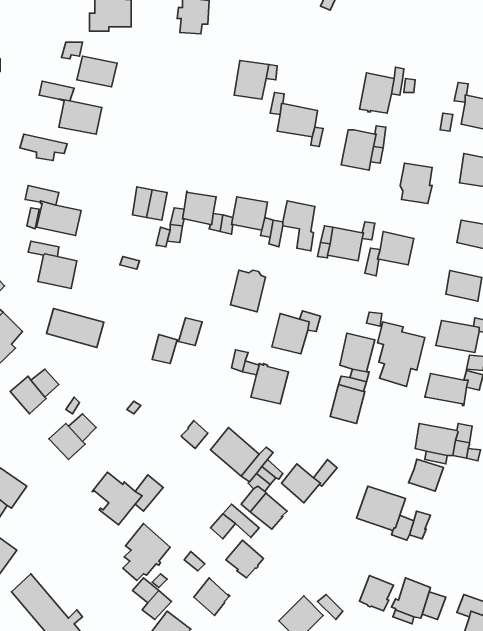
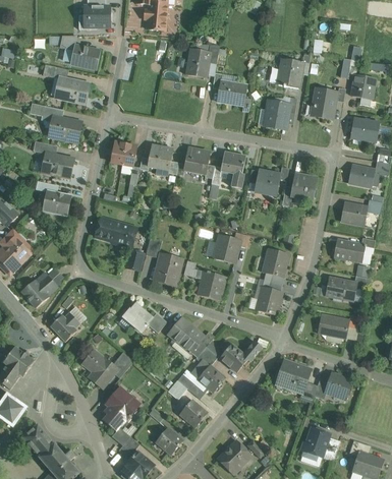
building: none -> [50,116,80,142]
building: [400,163,432,204] -> [312,88,335,118]
building: [231,270,265,312] -> [155,254,180,285]
building: [47,308,104,347] -> [95,218,136,246]
building: [378,322,425,386] -> none
building: none -> [122,303,152,333]
building: [409,459,443,491] -> [325,374,350,398]
building: [359,576,393,611] -> none

